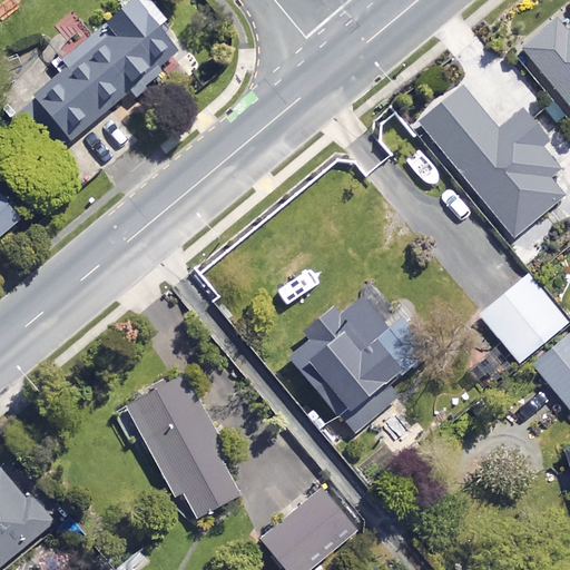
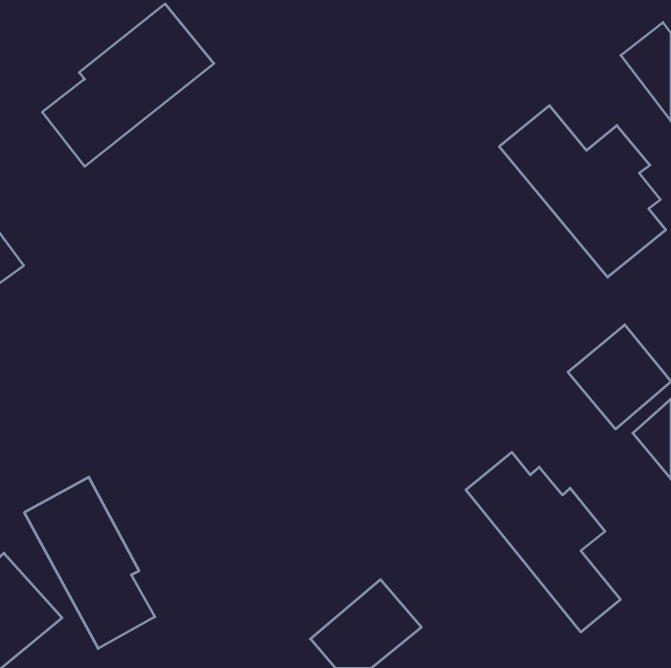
building: [288,289,428,433] -> none
building: [128,376,238,521] -> [24,477,155,649]
building: none -> [466,452,620,632]

